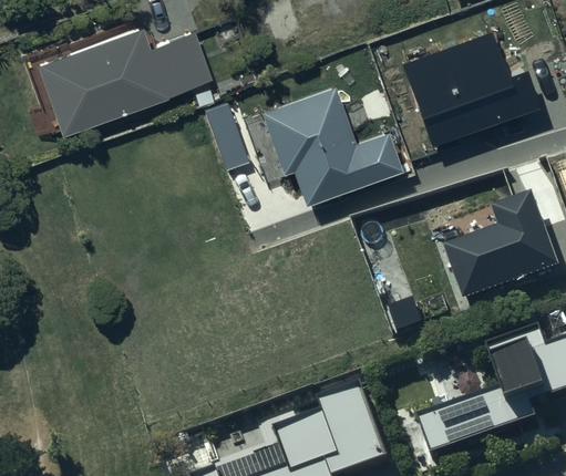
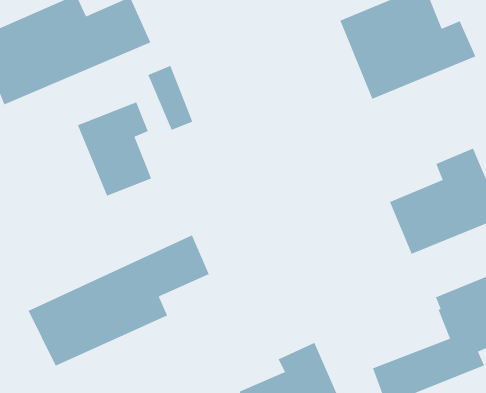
building: [258,81,401,200] -> none
building: none -> [77,102,152,197]
building: none -> [28,235,209,367]

